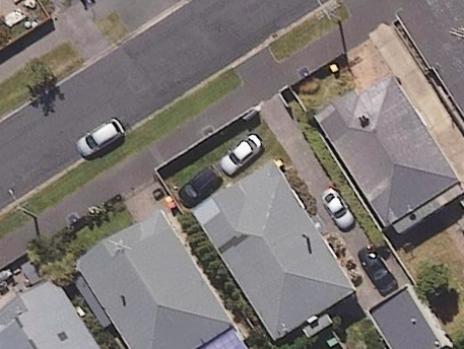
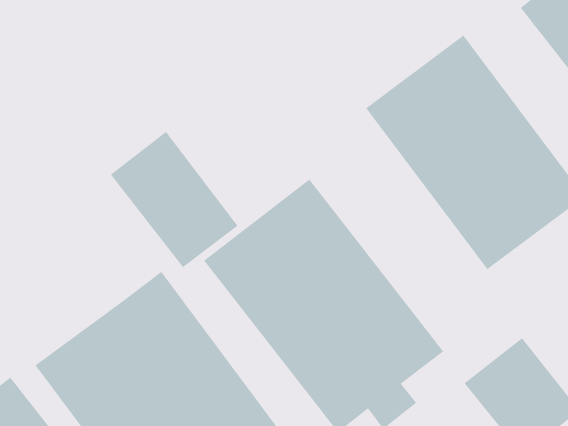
building: none -> [110,131,239,268]

